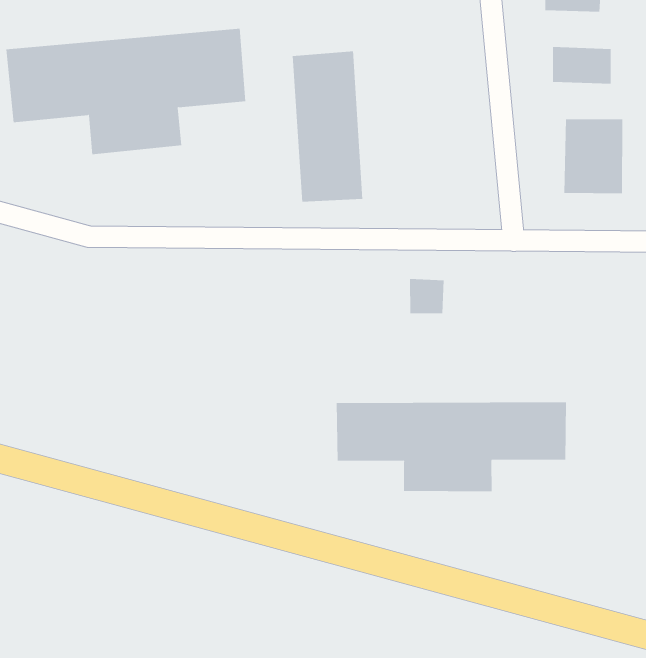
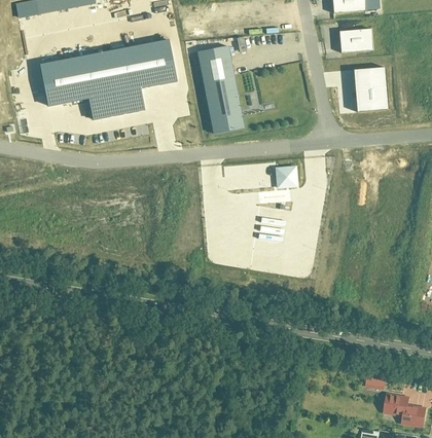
building: [336,402,566,492] -> none

